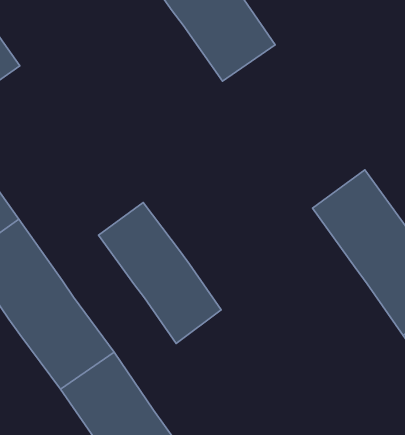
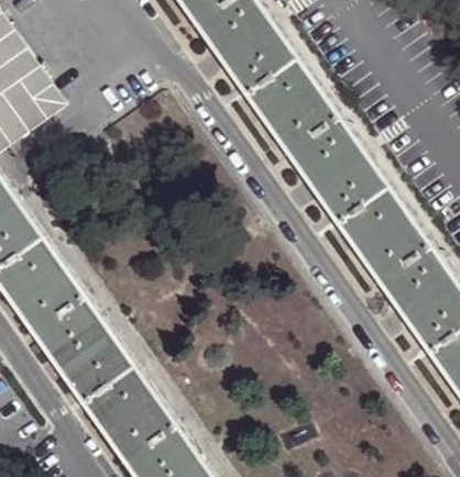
building: none -> [261,81,404,245]
building: [98,202,221,343] -> none

